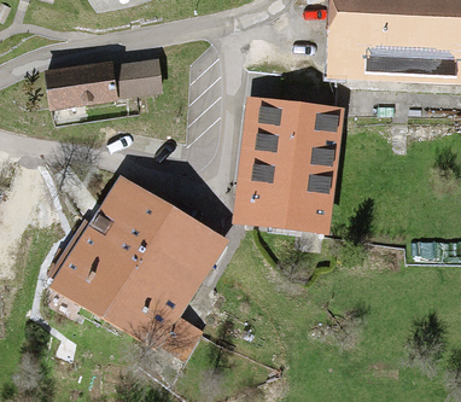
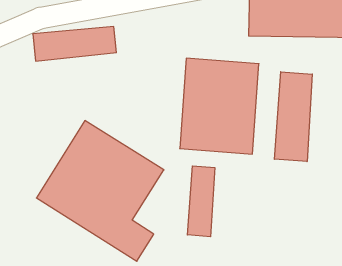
building: none -> [274,72,312,162]
building: none -> [187,166,215,237]

